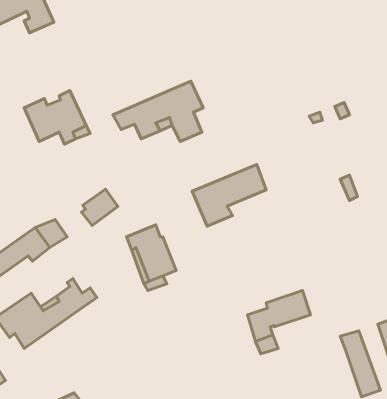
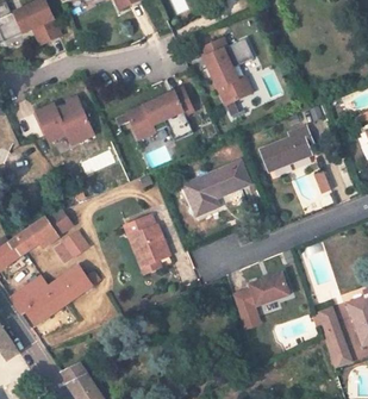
building: none -> [199,37,252,117]
building: none -> [261,126,313,170]
building: [81,189,118,225] -> [55,231,87,263]

